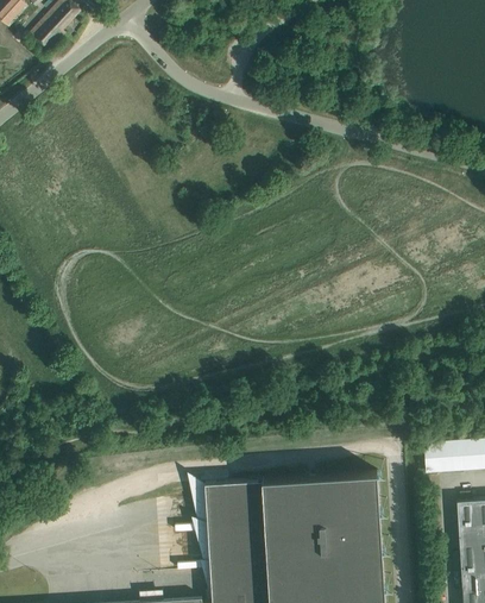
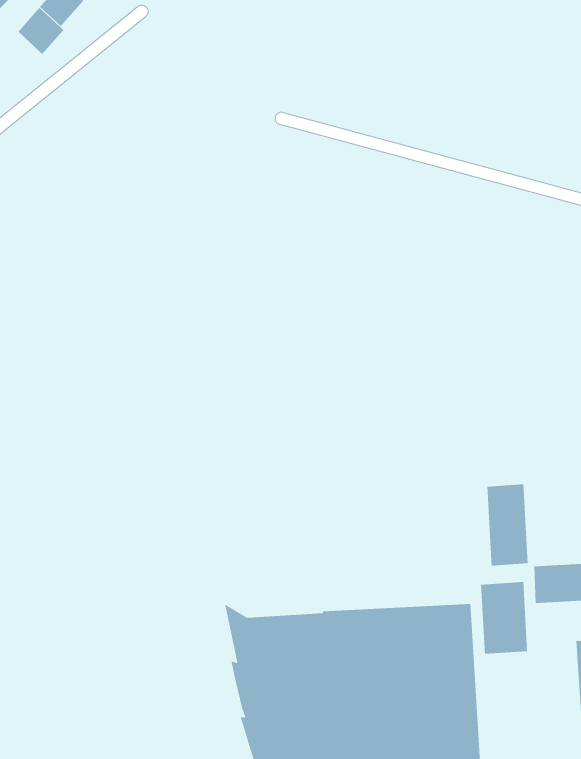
building: none -> [487,483,528,566]
building: none -> [481,581,528,655]

